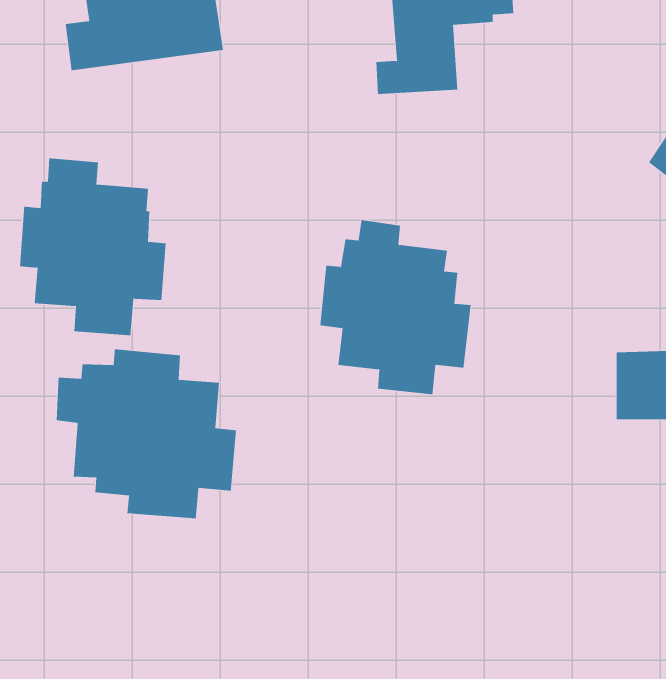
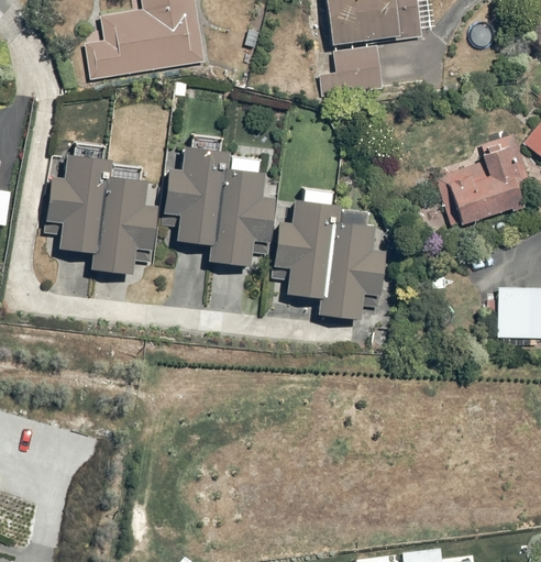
building: none -> [430,126,526,223]
building: none -> [167,134,276,265]
building: [56,348,237,519] -> none

